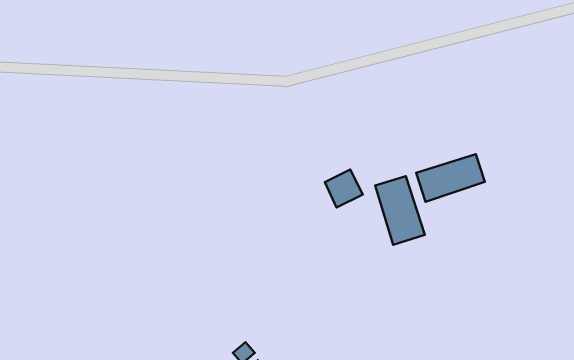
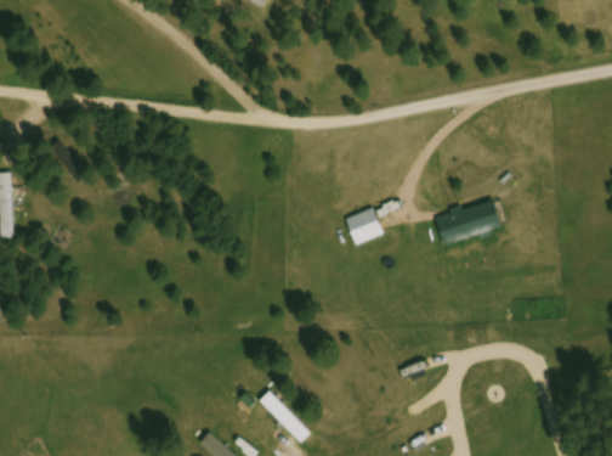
building: [375,176,425,245] -> none

